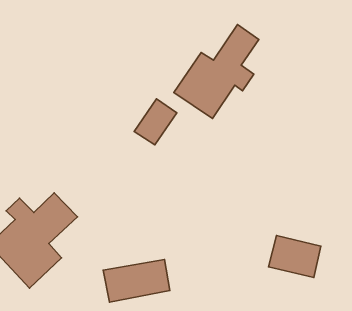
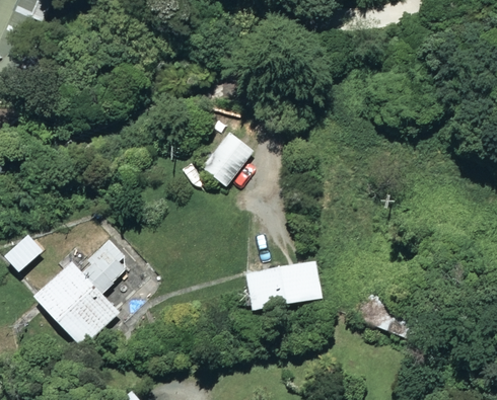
building: [174,25,259,118] -> none
building: [103,260,170,302] -> [246,262,323,311]

